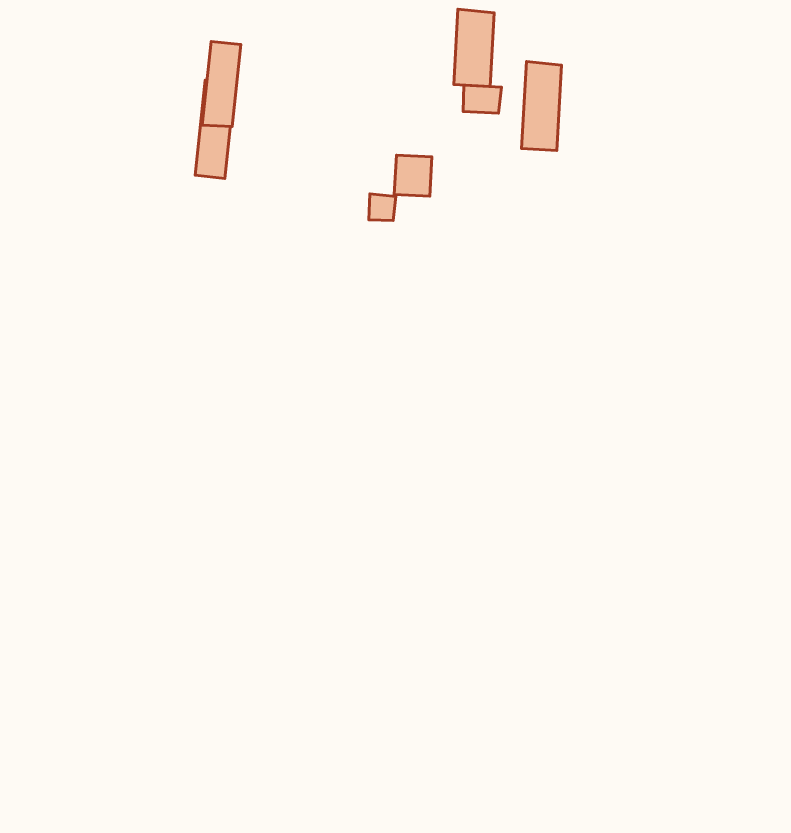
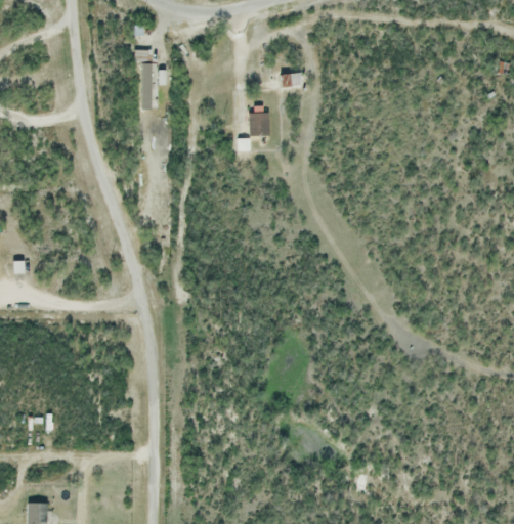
building: [454,9,494,87] -> none
building: [522,61,562,151] -> none

